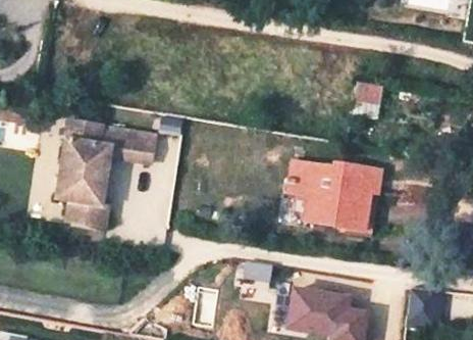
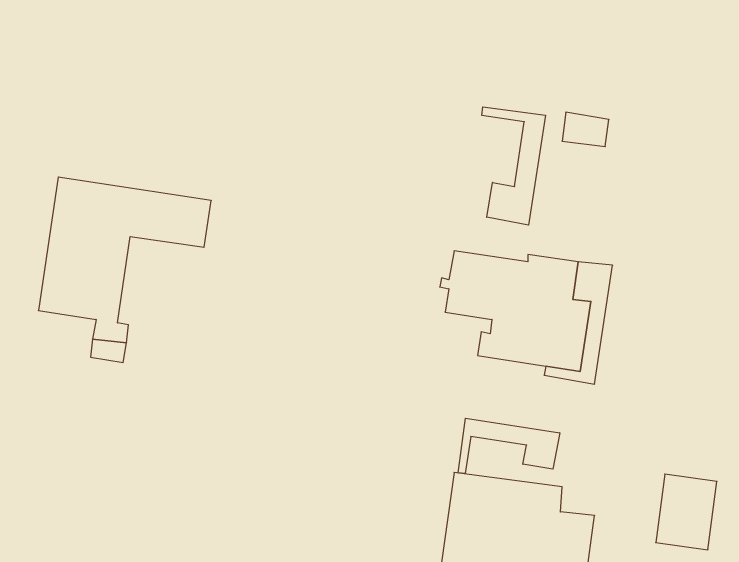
building: none -> [482,107,545,225]
building: none -> [458,418,560,474]

